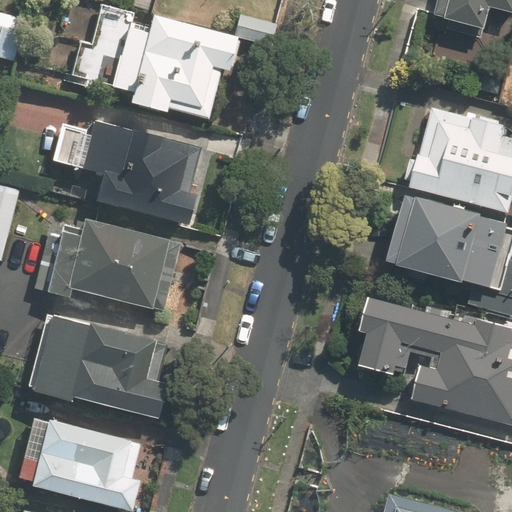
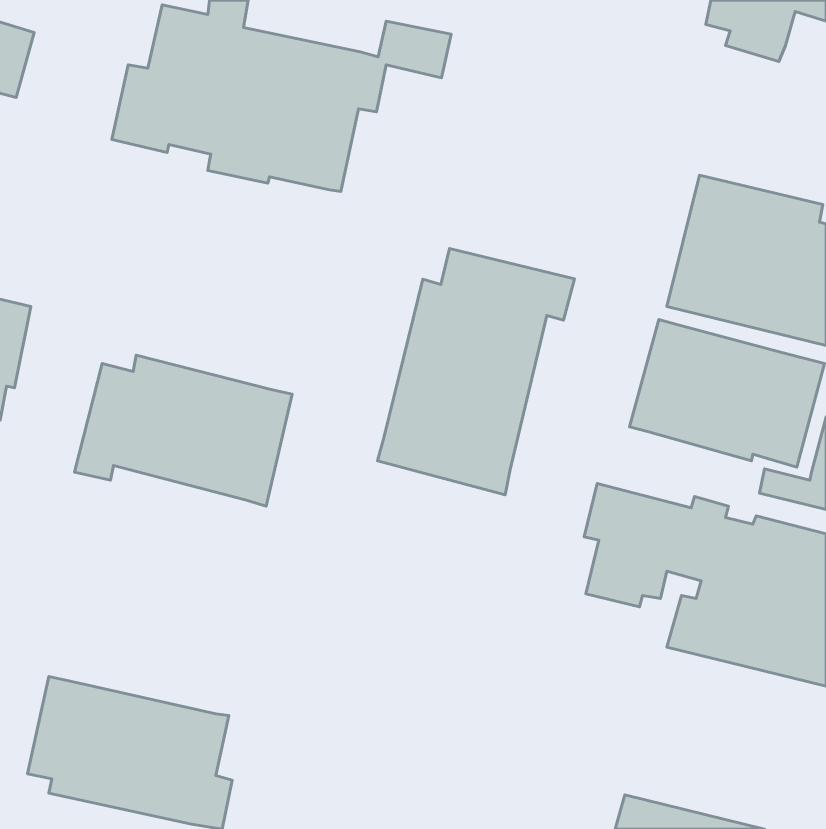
building: [52,119,198,223] -> none
building: none -> [378,248,575,495]
building: [31,314,167,421] -> none

